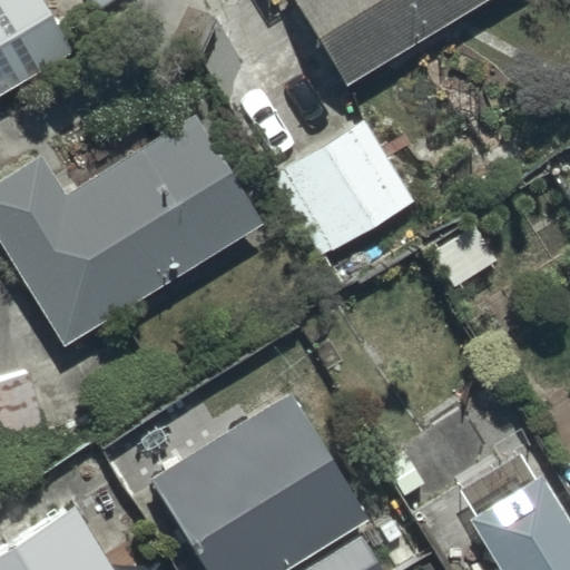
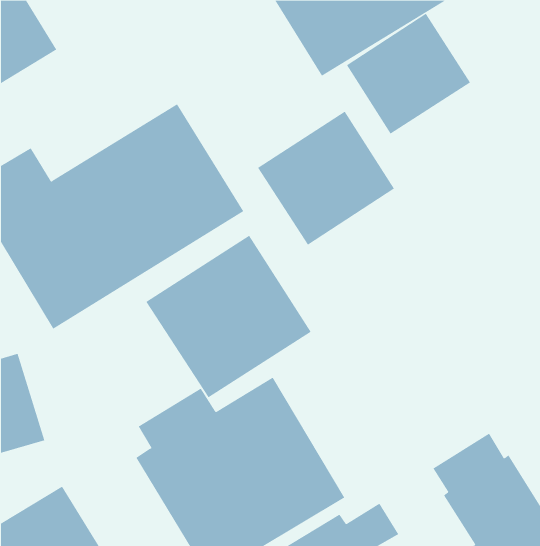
building: none -> [346,13,471,134]
building: none -> [146,235,311,398]

